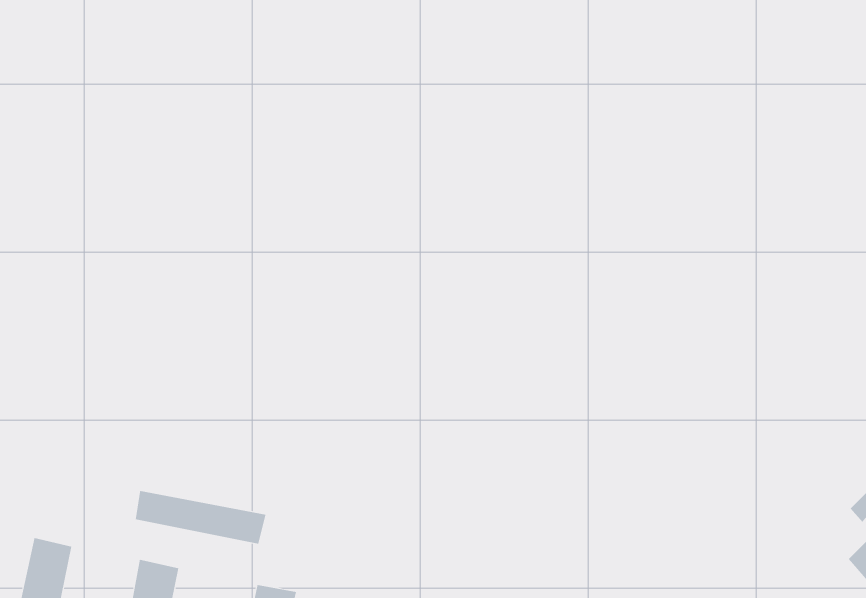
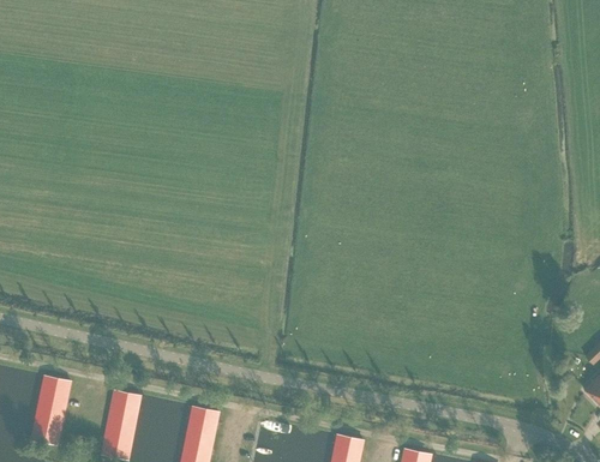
building: [135,490,266,545] -> none

